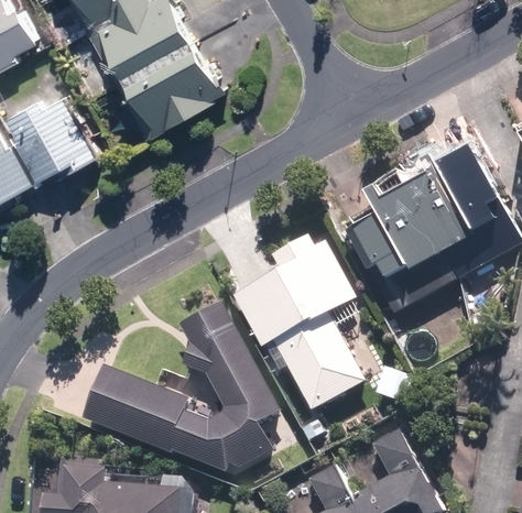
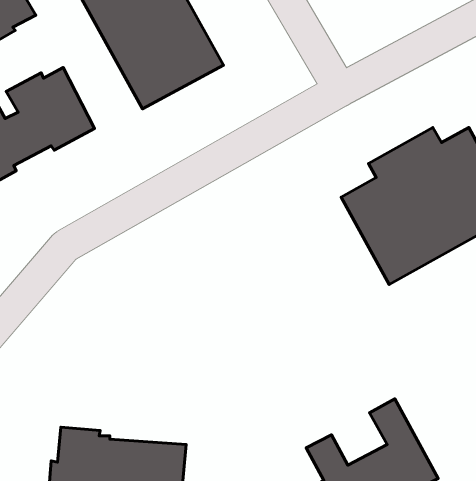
building: [233,238,362,406] -> none
building: [83,301,280,476] -> none

